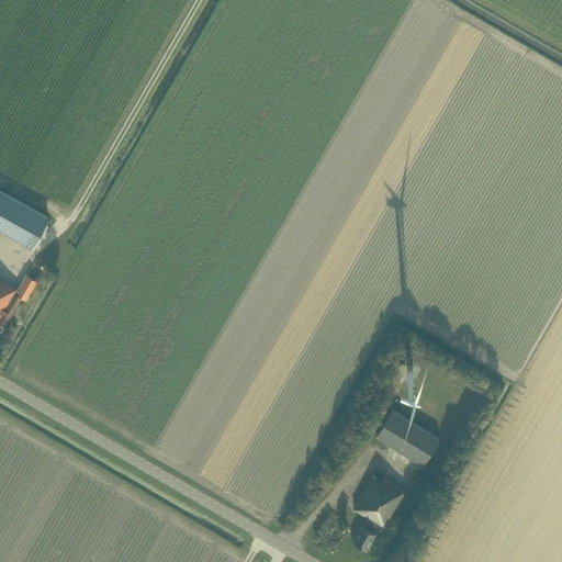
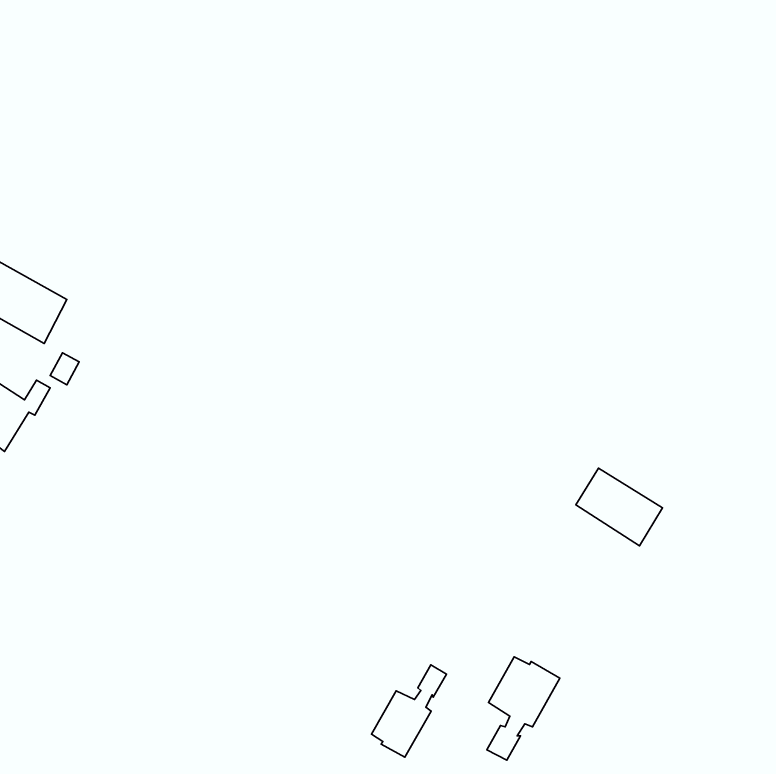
building: [375,411,438,467] -> [576,468,662,546]
building: none -> [371,665,446,757]

